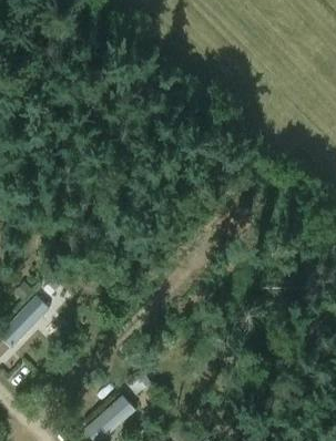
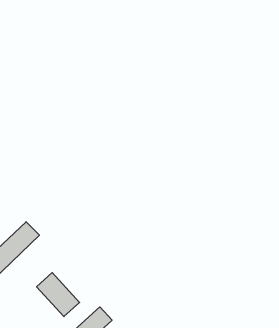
building: none -> [37,273,80,317]

